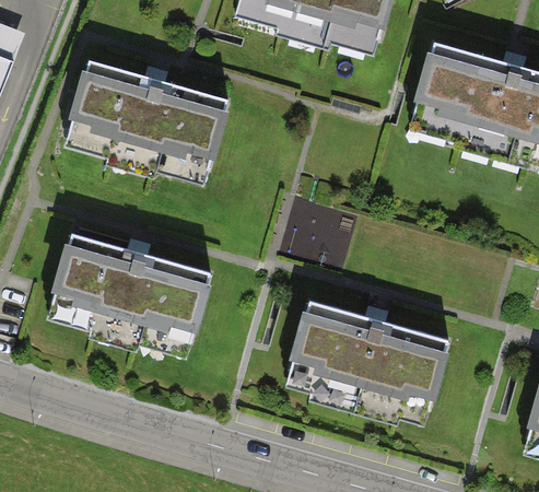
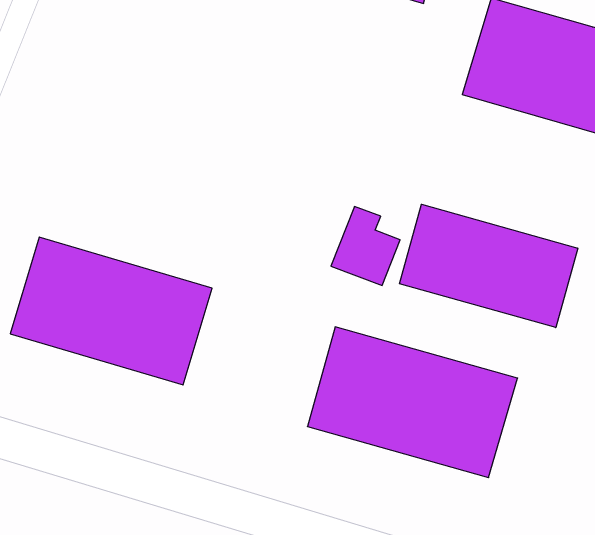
building: [68,57,229,173] -> none
building: none -> [400,204,578,328]

